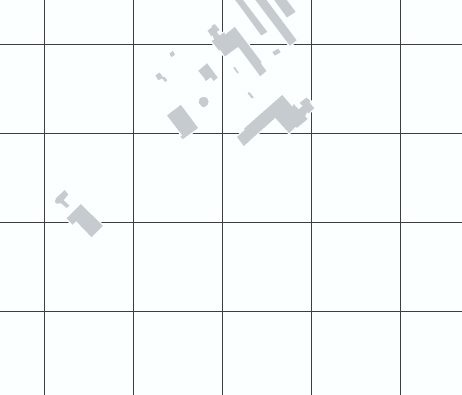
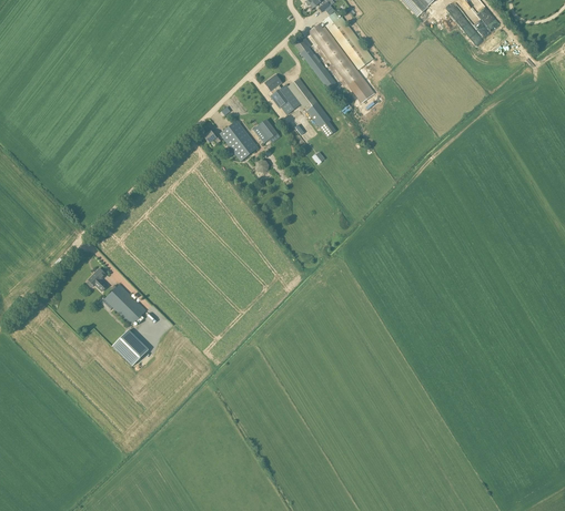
building: [236,94,315,147] -> none
building: [166,104,199,140] -> [220,120,259,162]
building: none -> [112,329,149,366]

